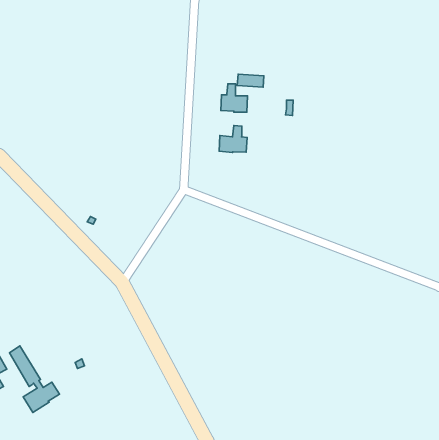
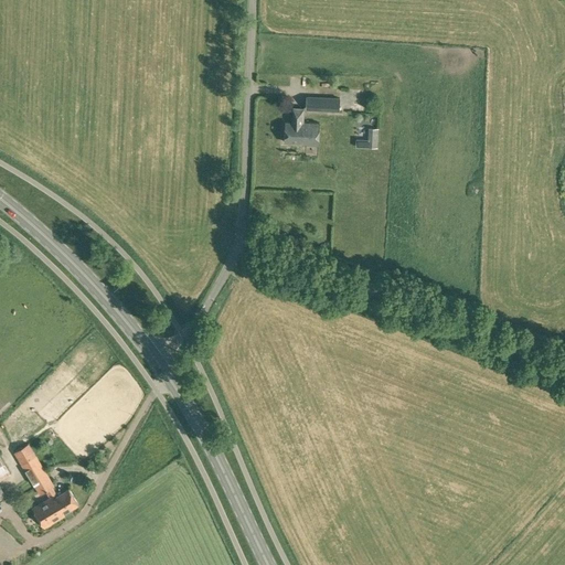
building: [219,125,247,153] -> none

